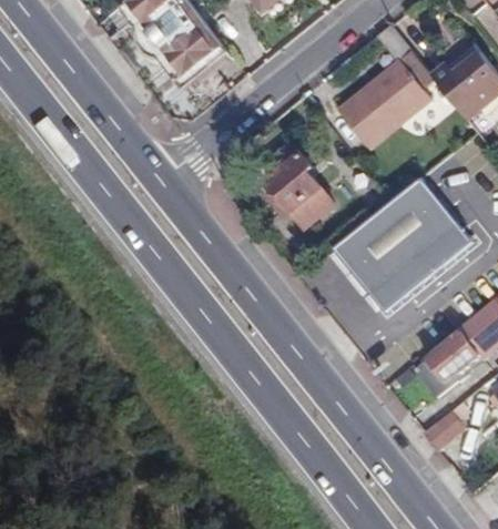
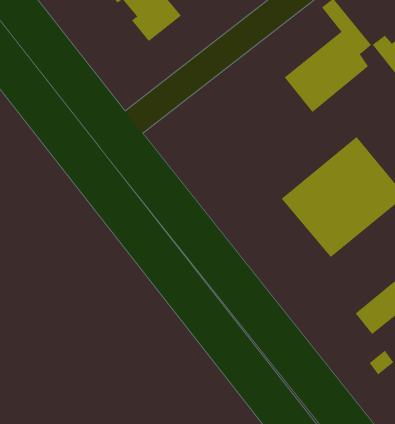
building: [262,140,336,228] -> none

